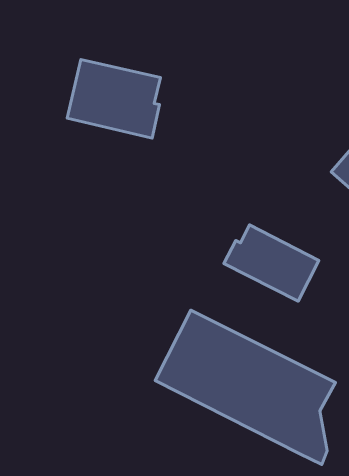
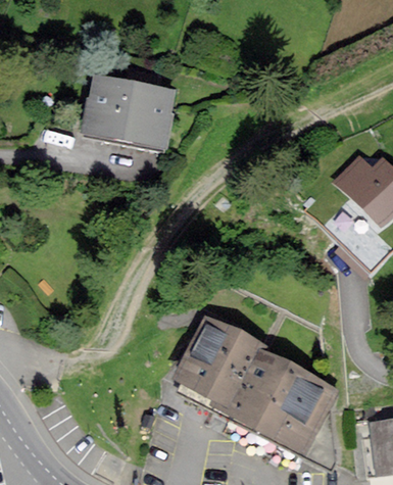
building: [224,225,319,301] -> none

